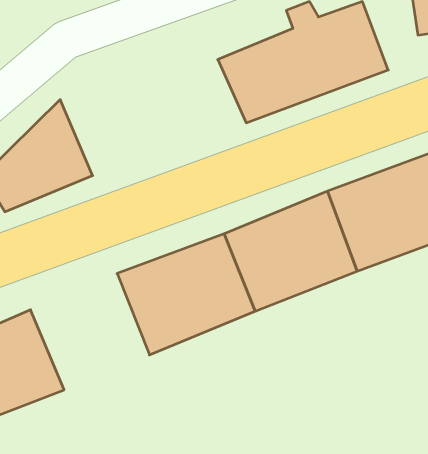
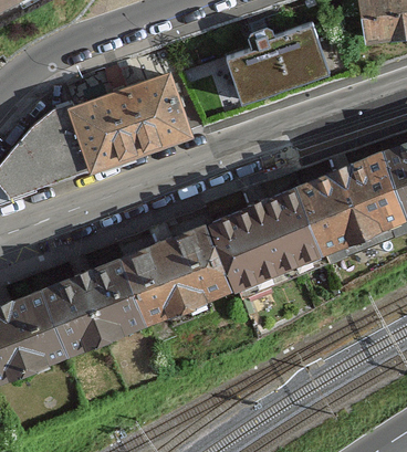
building: none -> [56,74,190,174]
building: none -> [31,257,133,357]

